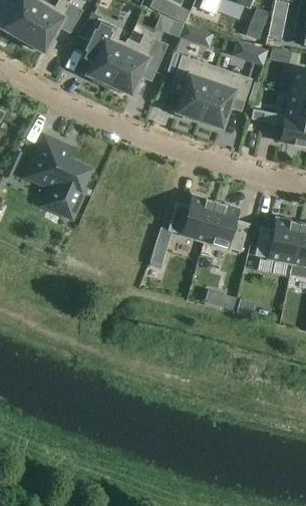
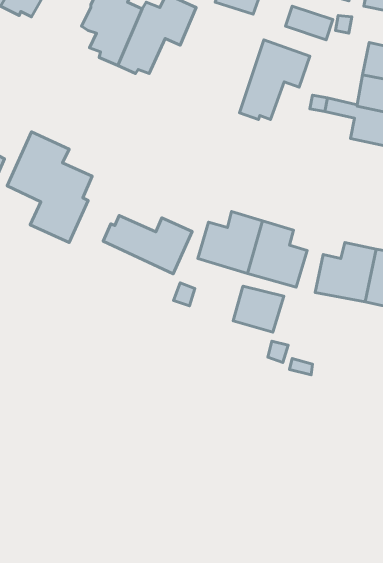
building: [174,56,216,121] -> none
building: none -> [103,215,192,274]
building: none -> [233,286,284,332]

